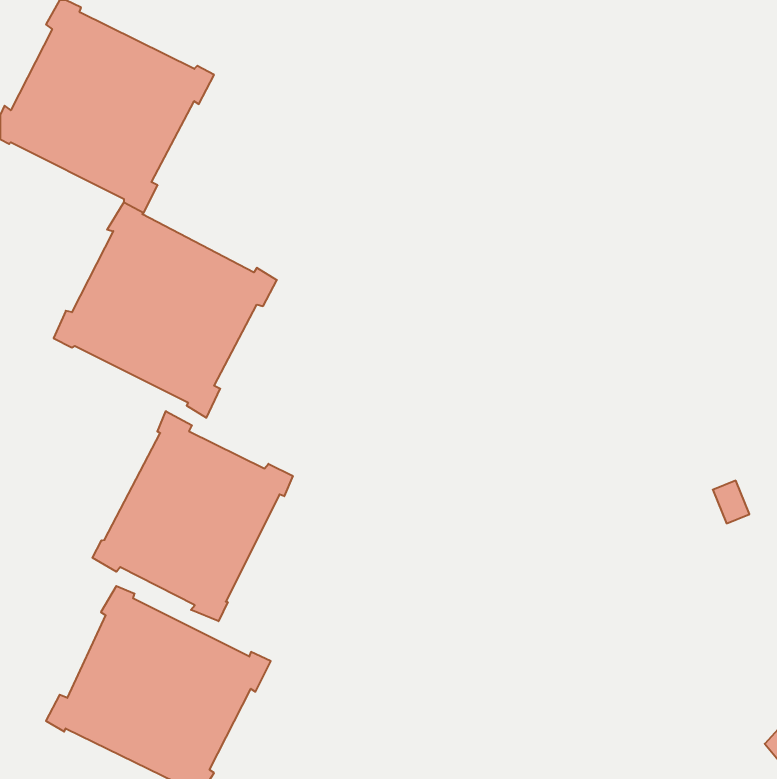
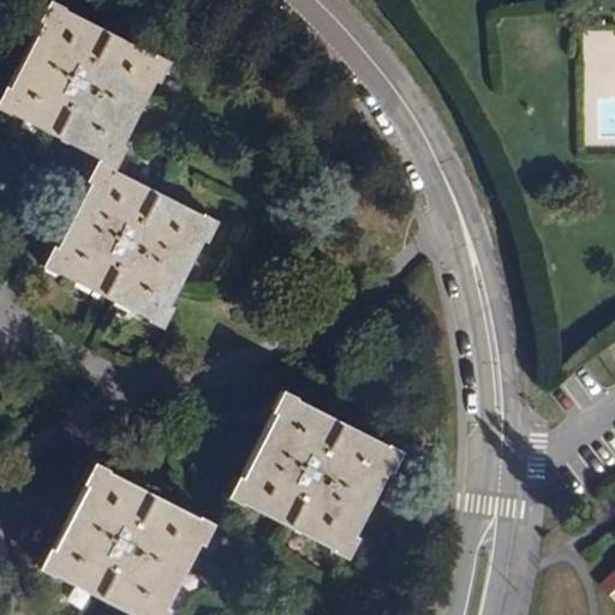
building: [92,411,293,621] -> none
building: none -> [227,389,404,559]

